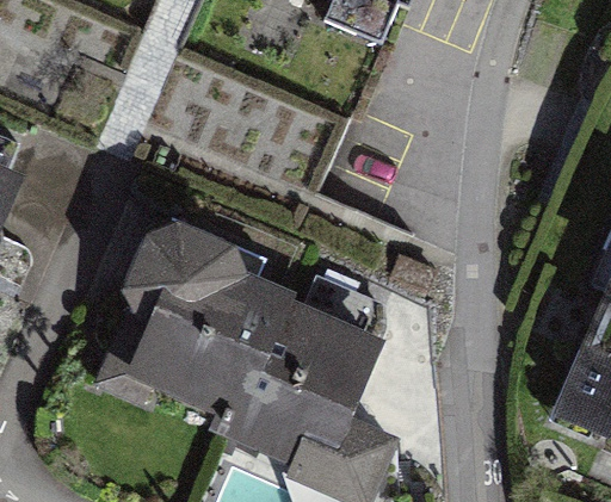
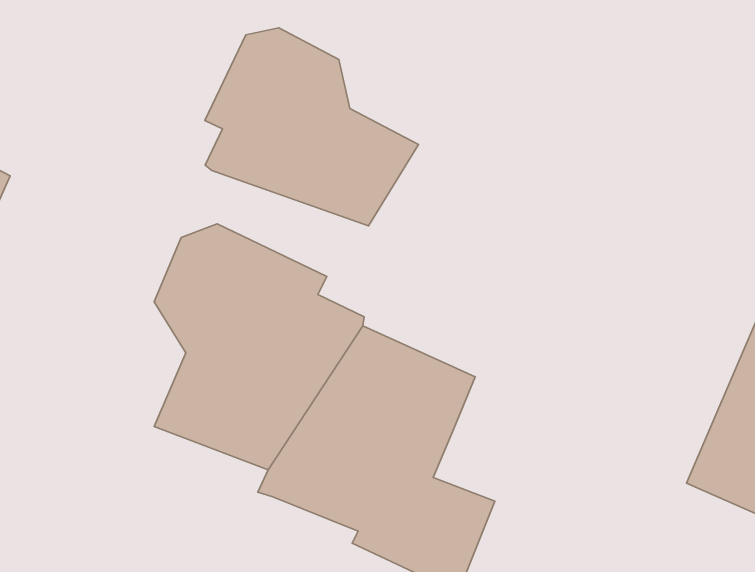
building: none -> [205,28,418,226]

